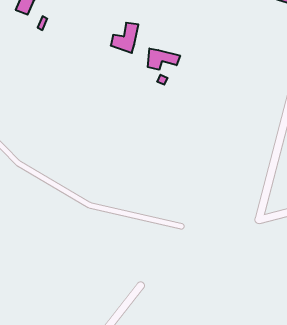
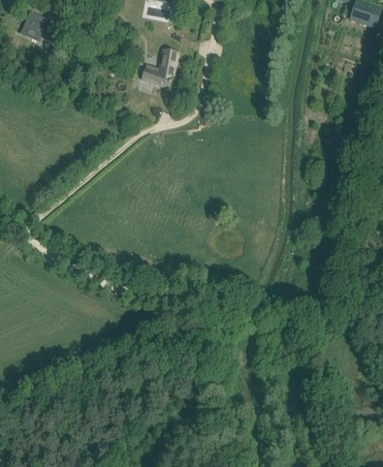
building: [148,48,180,70] -> none

